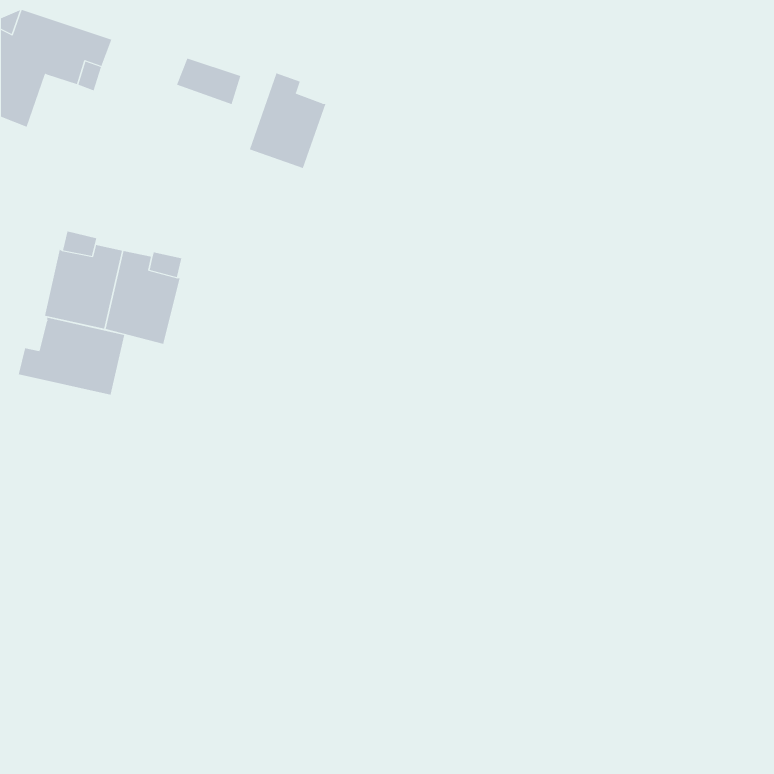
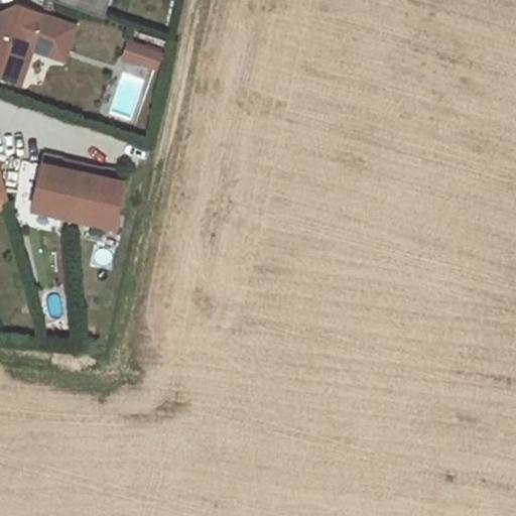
building: [249,72,326,169] -> none
building: [18,317,125,396] -> none

